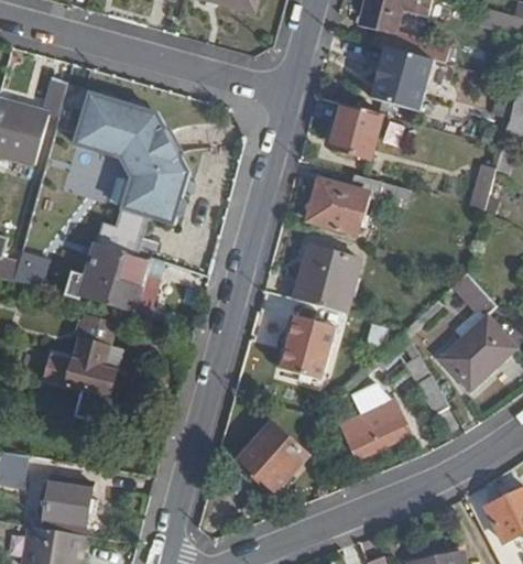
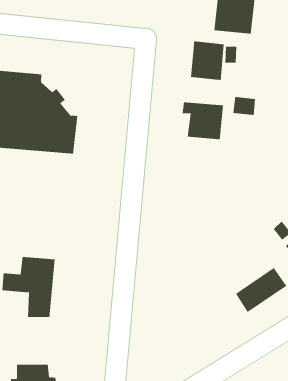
building: [65,226,162,318] -> none
building: [295,245,360,313] -> none
building: [281,312,336,377] -> none
building: [239,422,307,488] -> none

